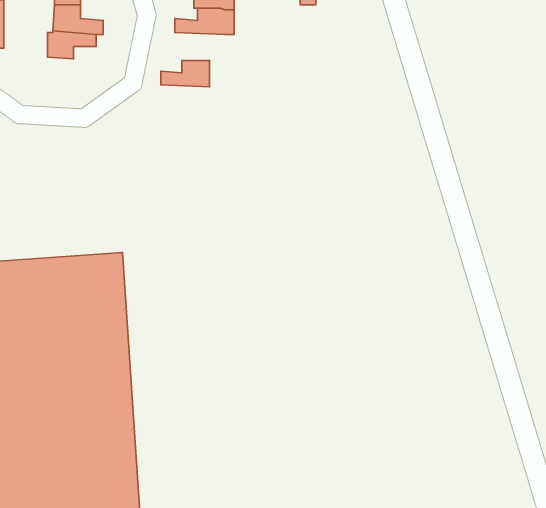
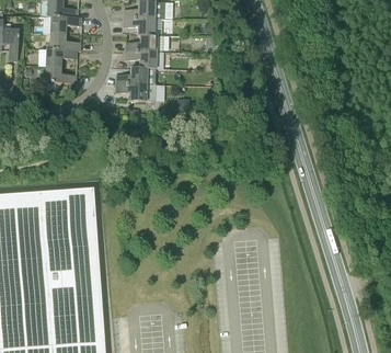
building: none -> [126,49,158,67]
building: none -> [45,65,77,89]
building: none -> [116,82,157,100]

